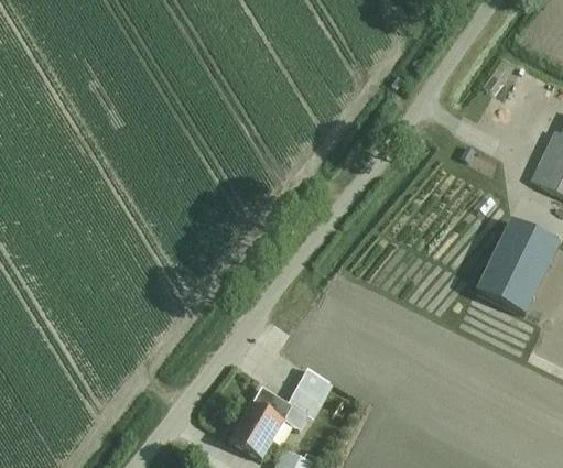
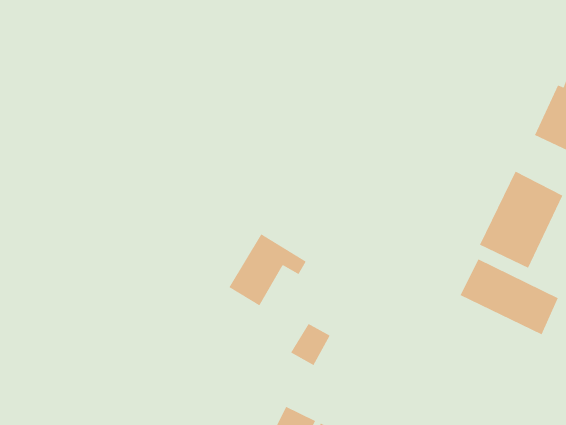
building: none -> [460,259,559,335]
building: [230,387,307,458] -> [228,234,307,306]

